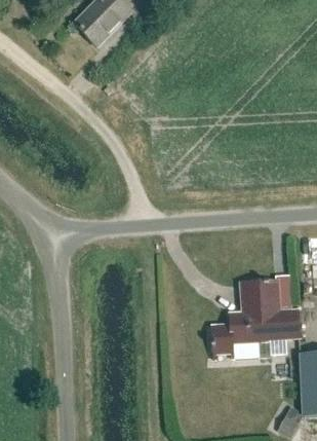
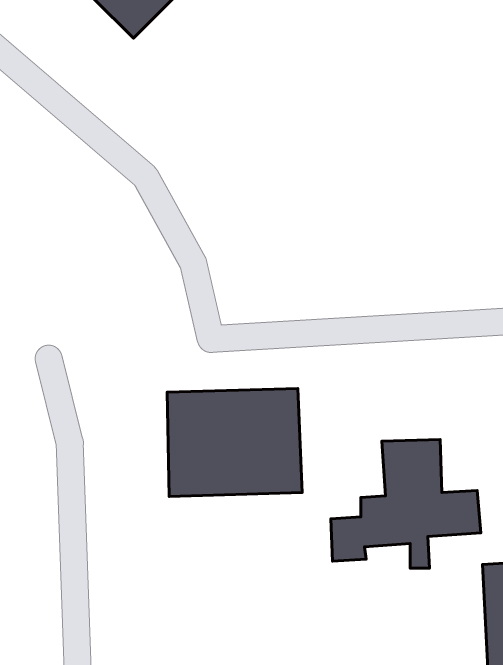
building: none -> [167,388,302,497]

